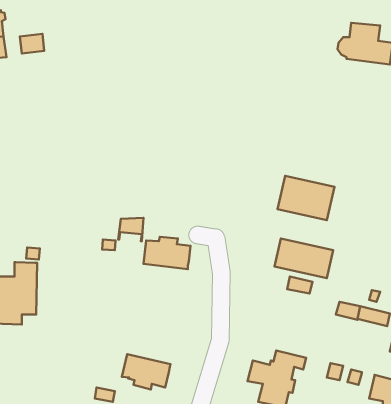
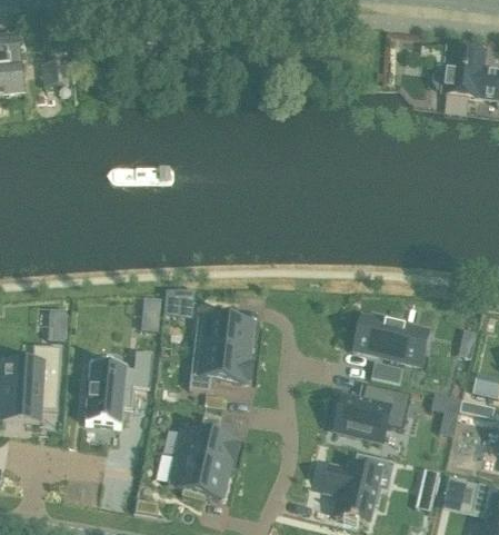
building: [278,176,334,220] -> none
building: none -> [188,346,252,390]
building: none -> [84,350,152,426]
building: none -> [337,384,412,442]
building: none -> [173,415,238,469]

